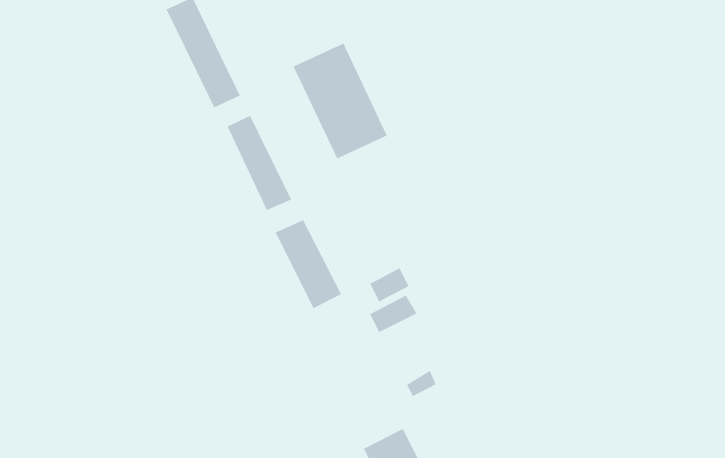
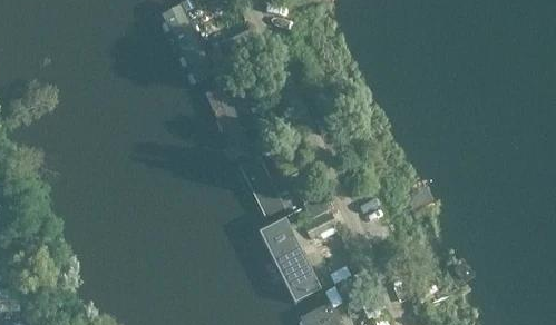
building: [293,42,388,159] -> none
building: none -> [263,215,324,302]

